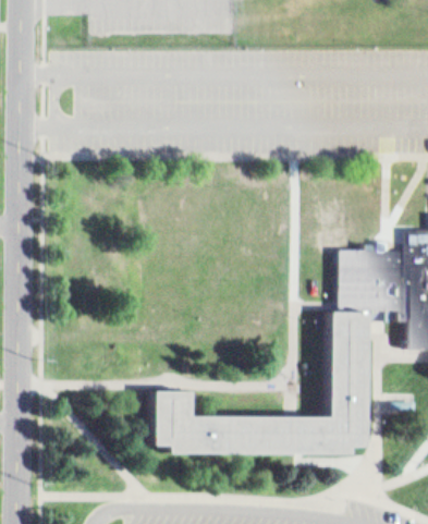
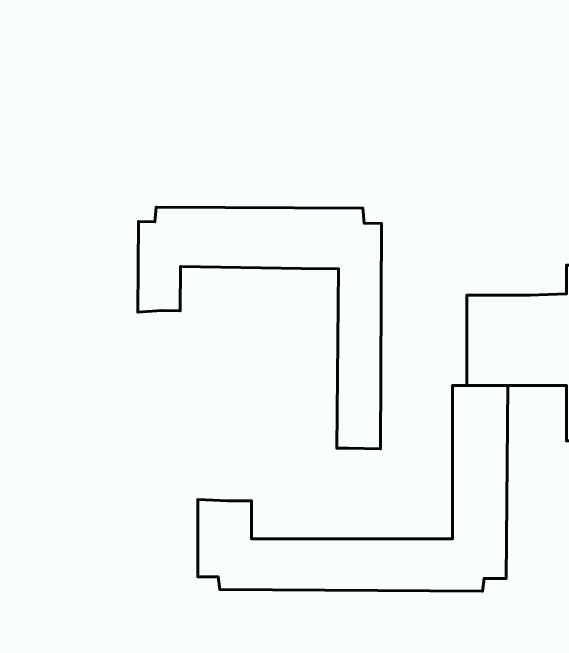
building: none -> [138,207,381,449]

